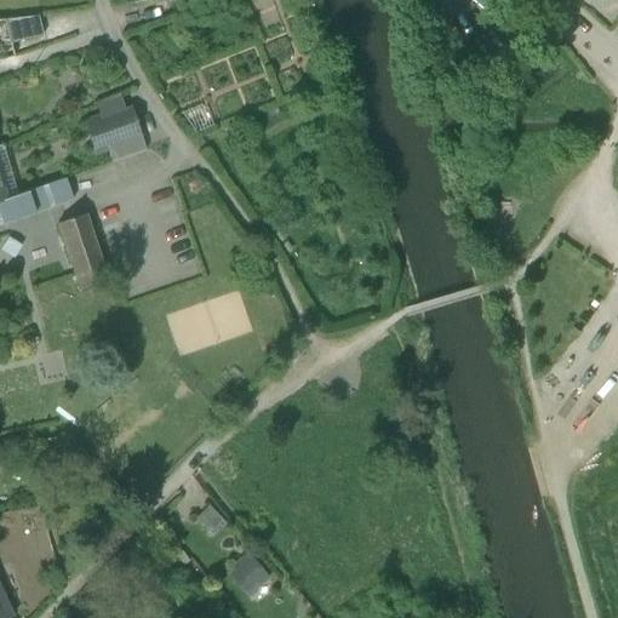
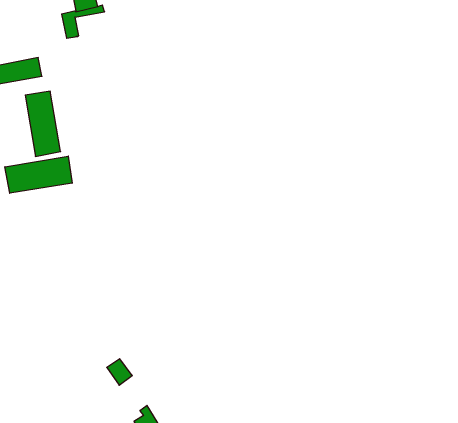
building: [101,114,145,161] -> none
building: none -> [5,156,72,193]

